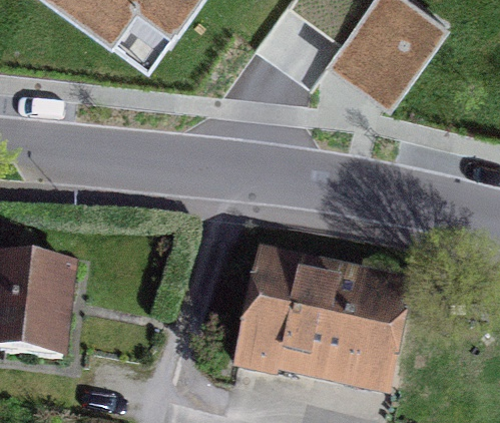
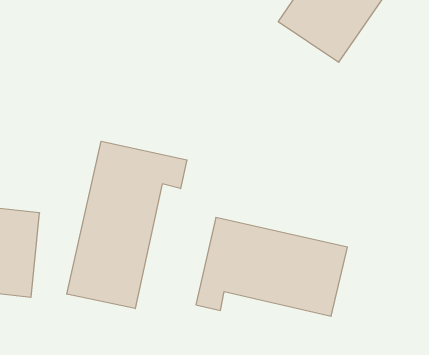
building: none -> [67,141,187,309]

